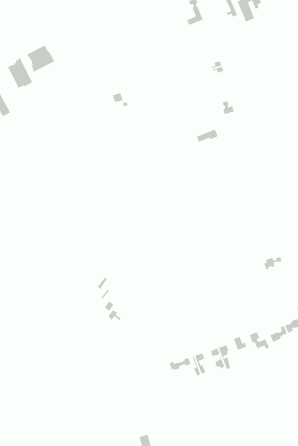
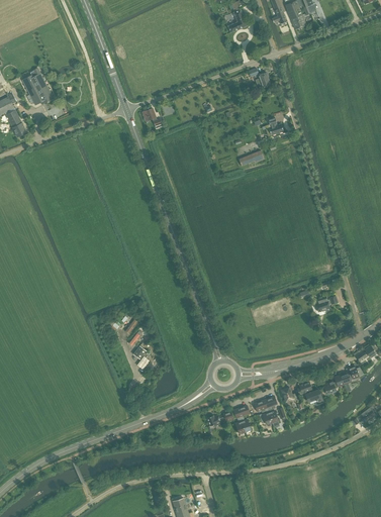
building: [26,44,55,73] -> none

